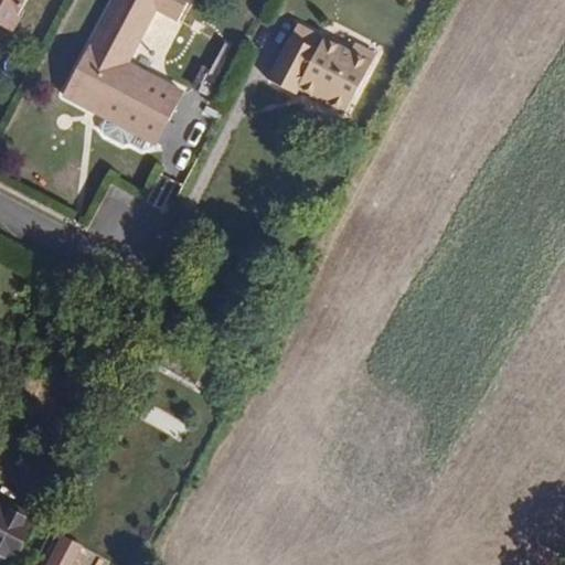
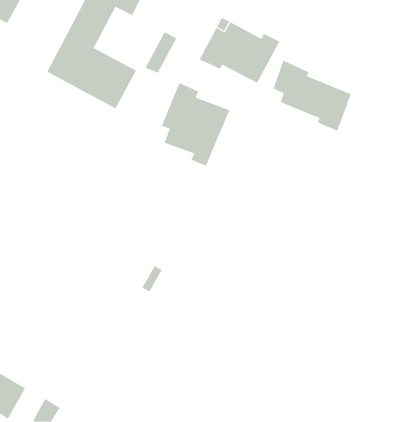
building: none -> [273,60,351,132]
building: none -> [161,82,230,167]

